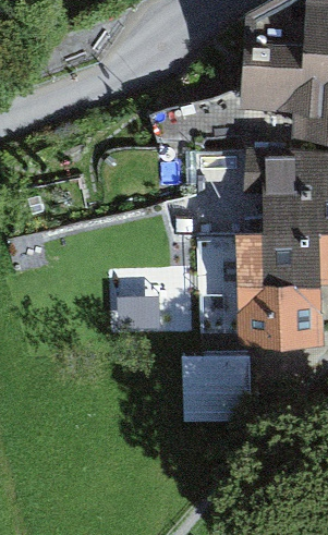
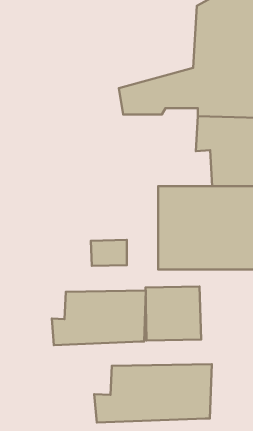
building: none -> [52,290,146,345]
building: none -> [94,364,212,422]

